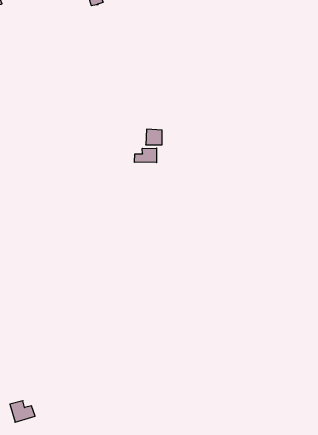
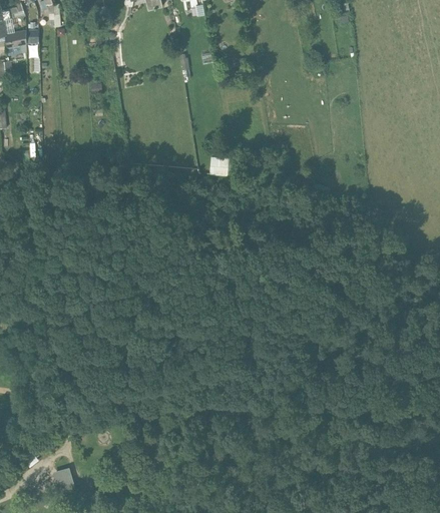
building: [134,148,157,163] -> none

